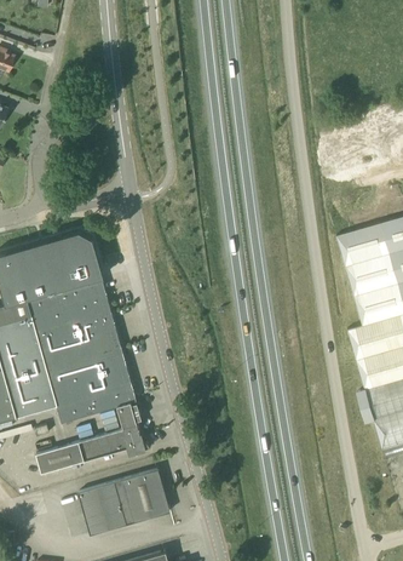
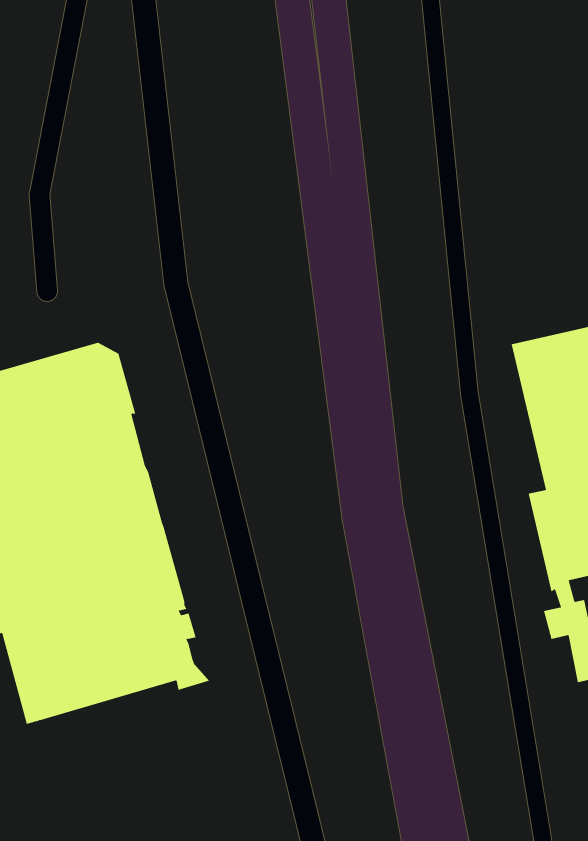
building: [76,470,168,536] -> none

